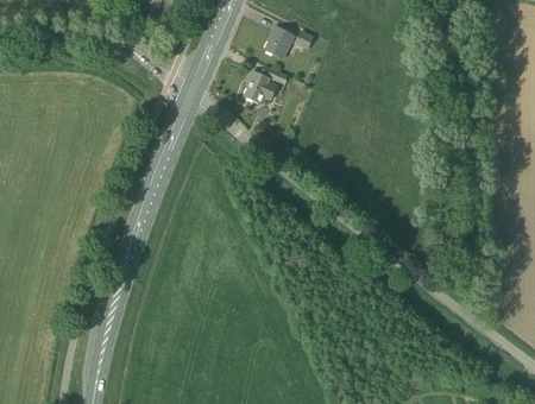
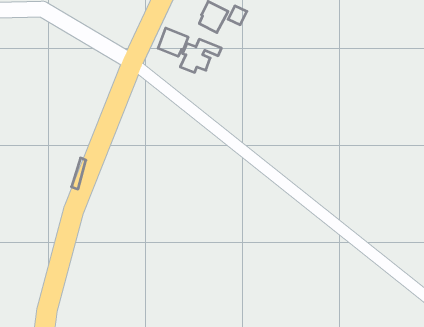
building: none -> [158,28,188,56]

